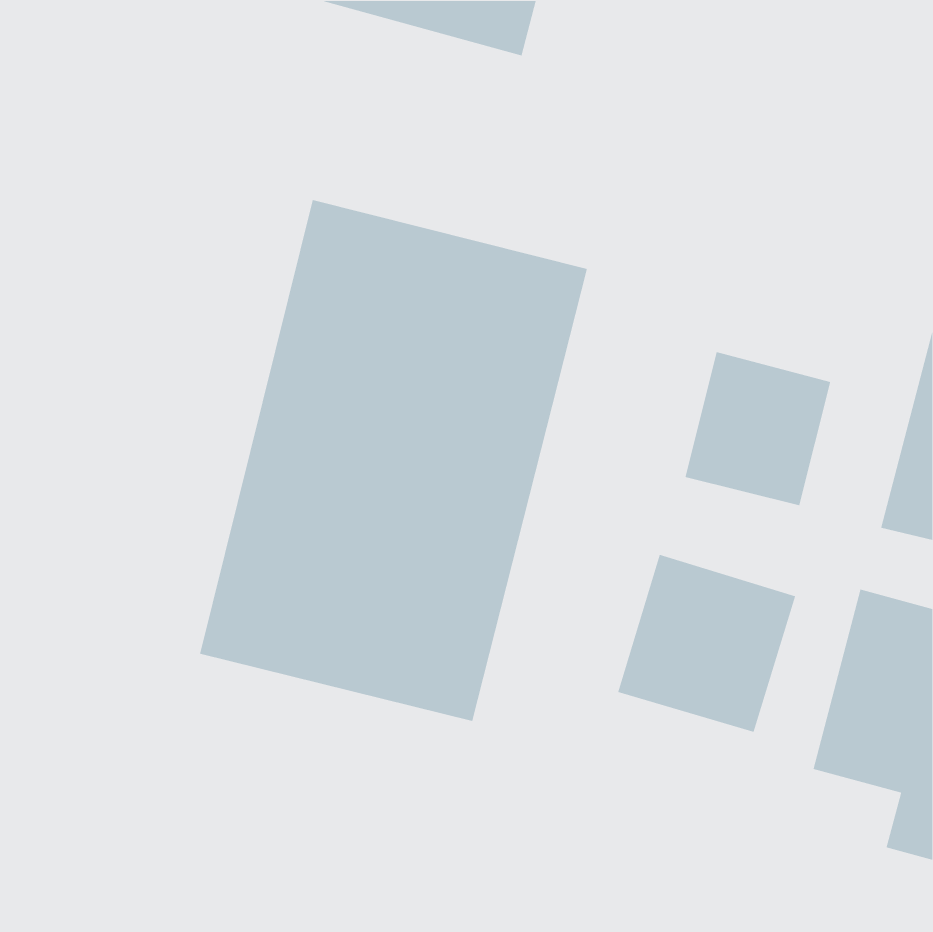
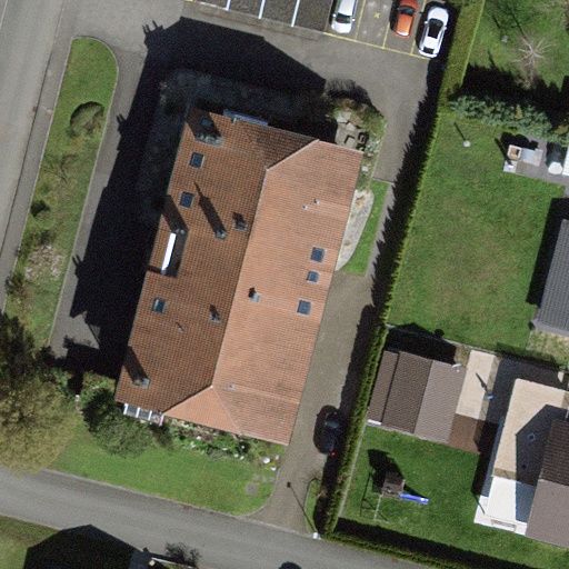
building: [684,351,831,506] -> none

